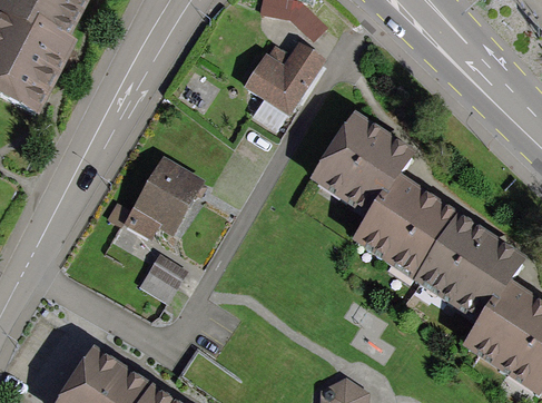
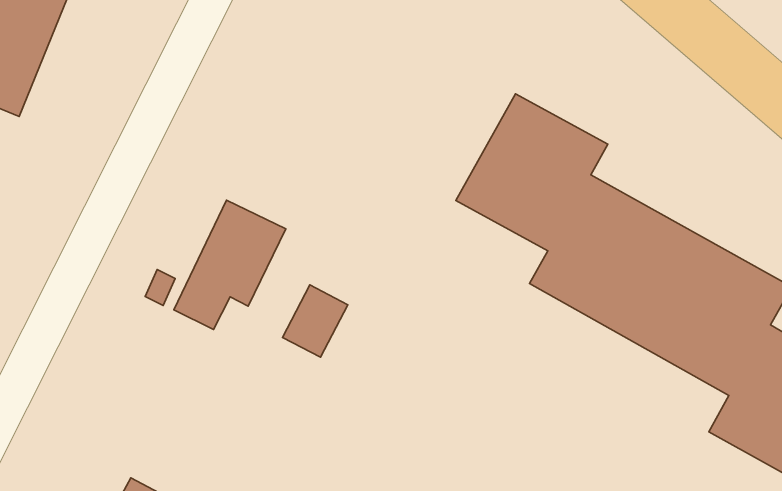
building: [247,55,322,122] -> none
building: [141,263,185,309] -> [283,285,348,357]

